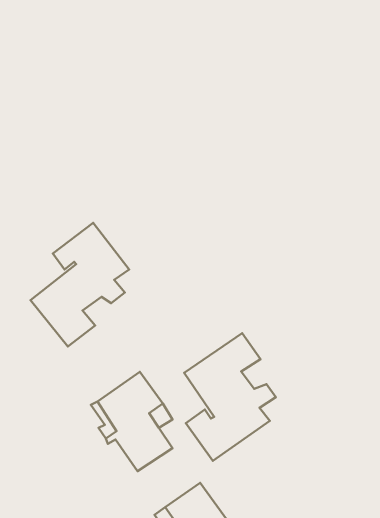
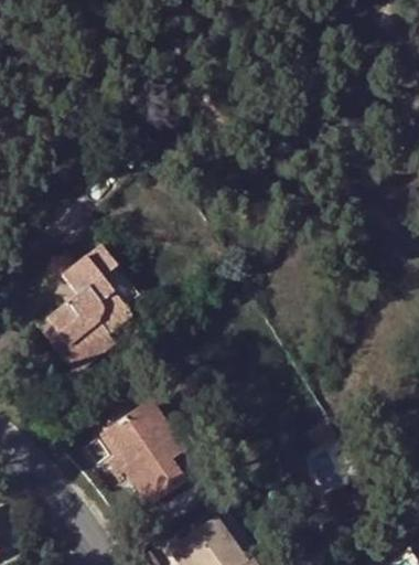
building: [184,333,276,461] -> none

